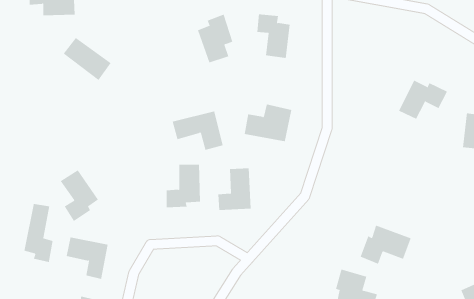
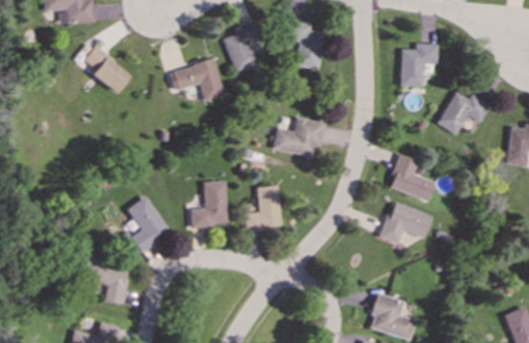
building: none -> [400,44,437,87]
building: [172,111,223,151] -> [168,60,223,102]
building: none -> [388,154,434,201]
building: [60,169,99,222] -> [126,197,167,253]
building: [24,203,53,263] -> none
building: [360,225,411,264] -> [378,202,433,245]

